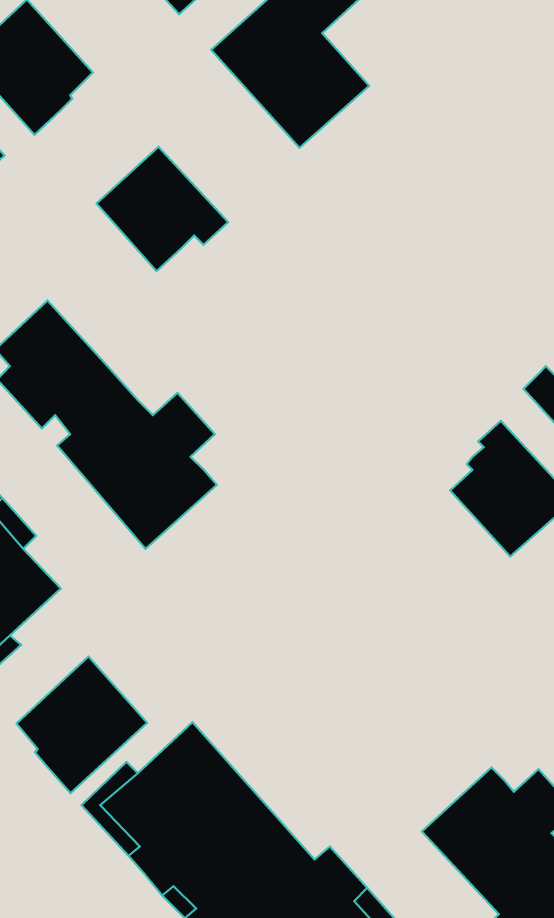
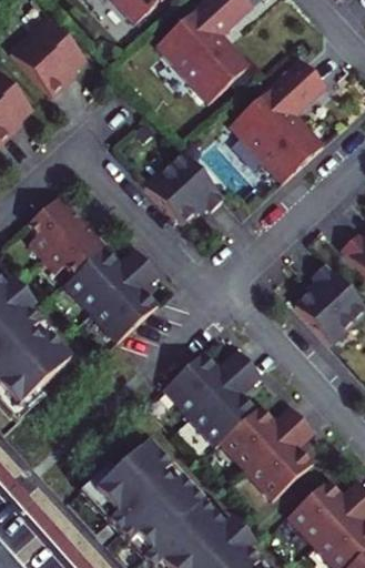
building: none -> [229,63,323,184]
building: [96,147,228,271] -> [145,151,223,224]
building: none -> [163,347,308,490]
building: [16,657,147,793] -> none

